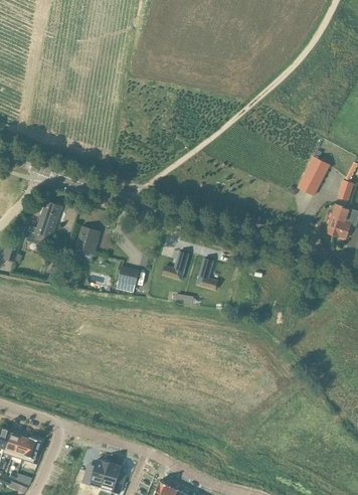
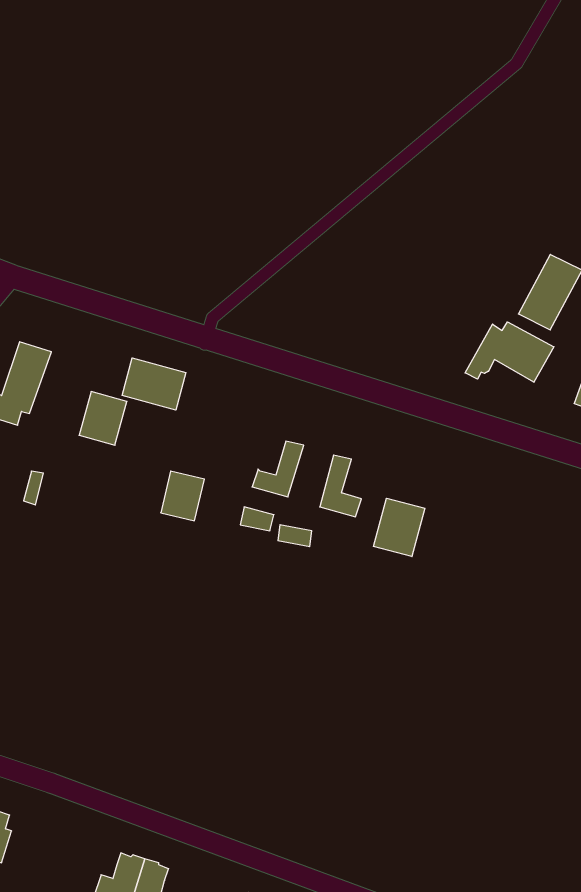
building: none -> [465,322,554,382]
building: none -> [122,358,186,410]
building: none -> [374,498,425,557]

